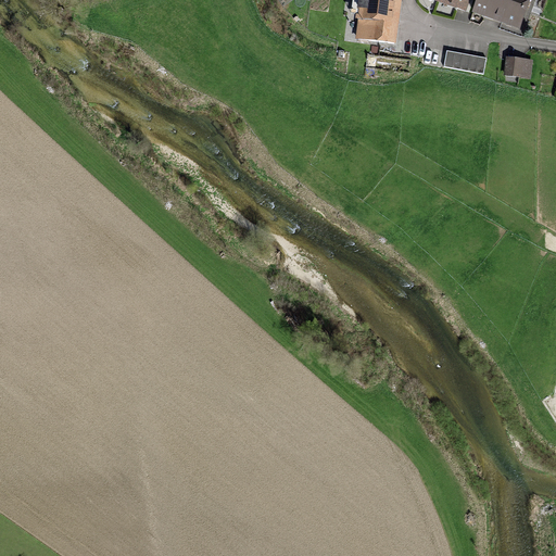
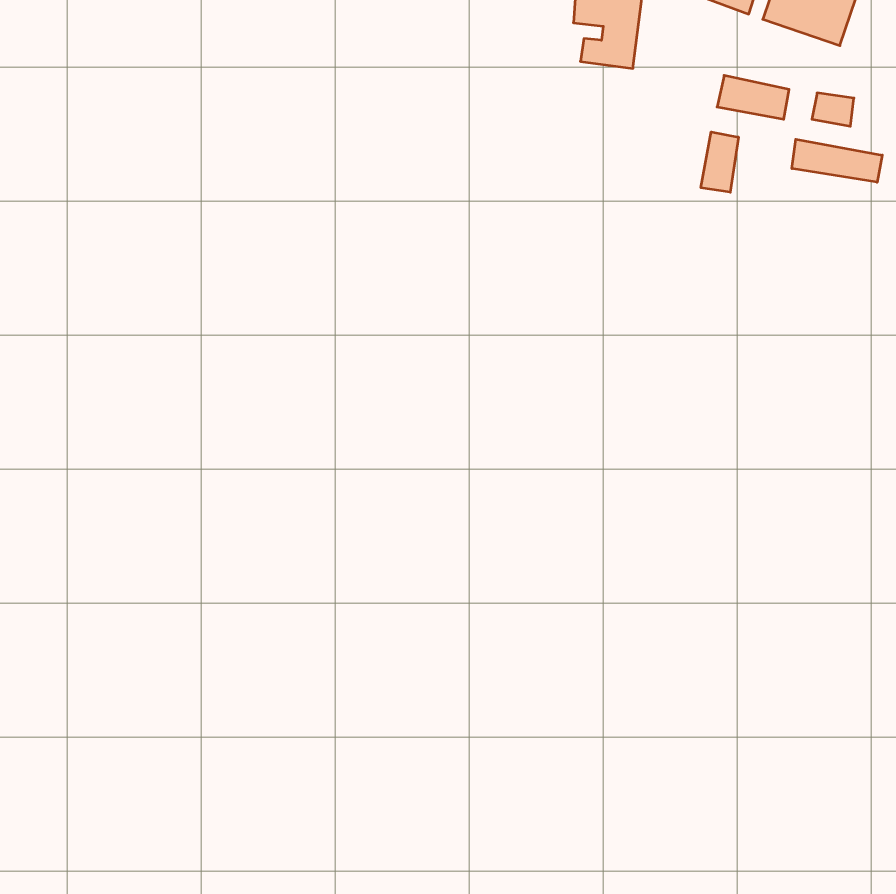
building: none -> [701,132,738,192]
building: none -> [792,139,882,182]

